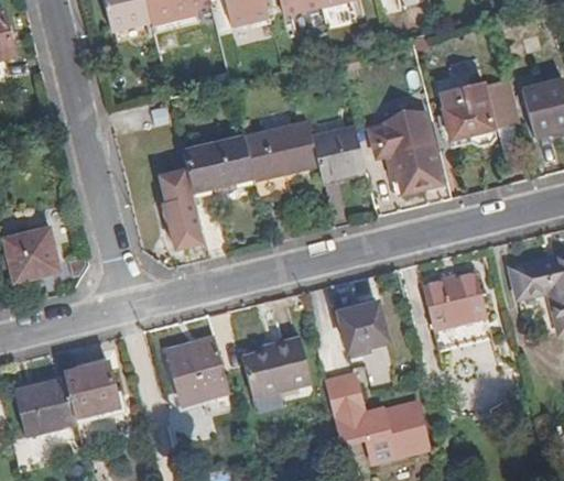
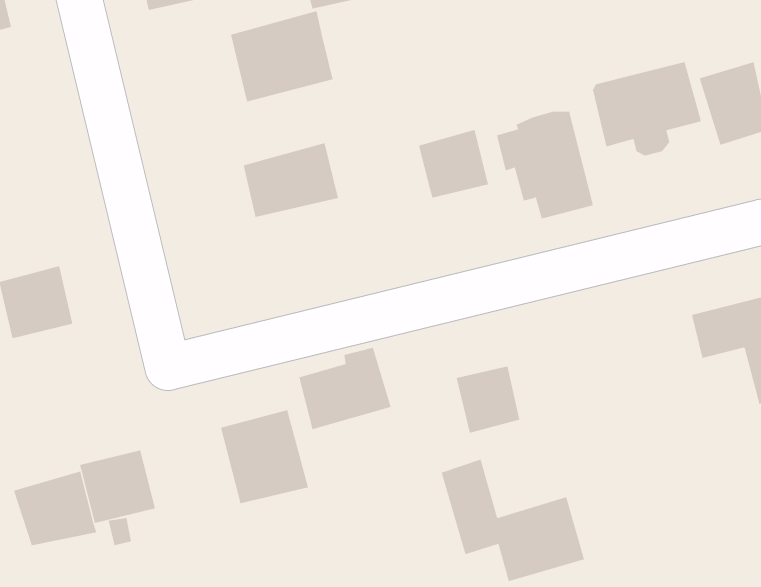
building: [242,119,318,186] -> [230,11,334,102]
building: [159,171,199,248] -> none
building: [424,270,490,342] -> none
building: [246,336,314,396] -> [298,347,391,430]

